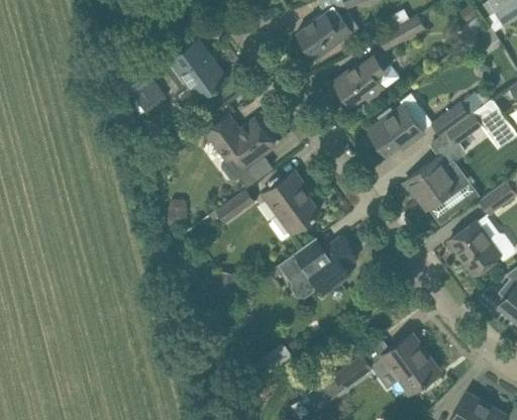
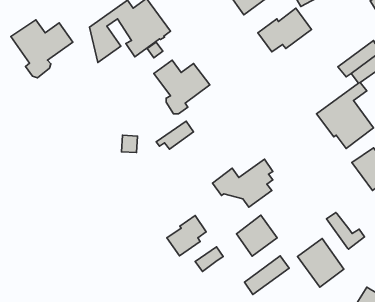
building: none -> [11,20,73,78]
building: [367,104,428,154] -> none
building: [263,172,319,233] -> none
building: none -> [327,212,365,249]
building: none -> [236,215,277,256]
building: none -> [167,216,206,256]

